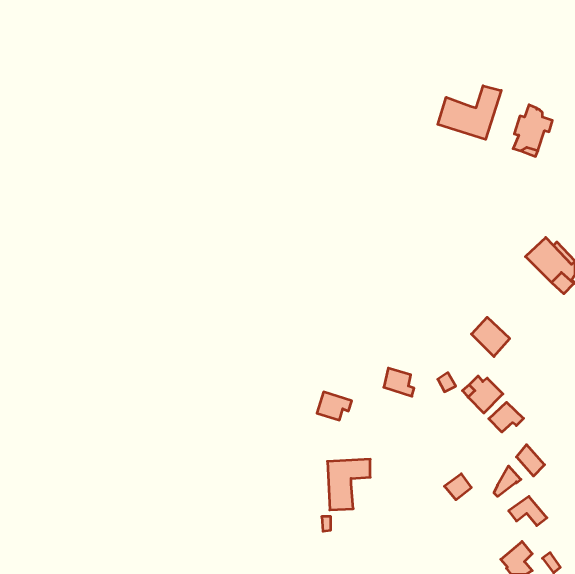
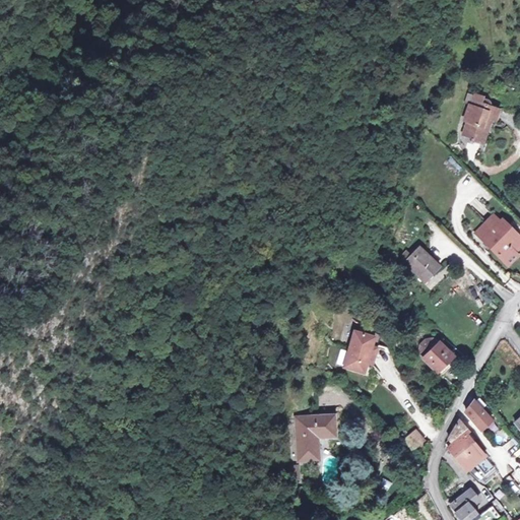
building: [438,86,501,139] -> none
building: [471,317,510,357] -> [405,247,440,282]
building: [317,392,352,420] -> [340,349,372,375]
building: [489,402,524,432] -> none
building: none -> [449,435,477,461]

